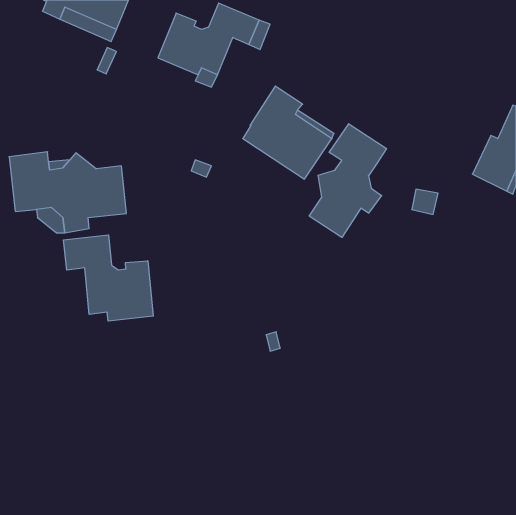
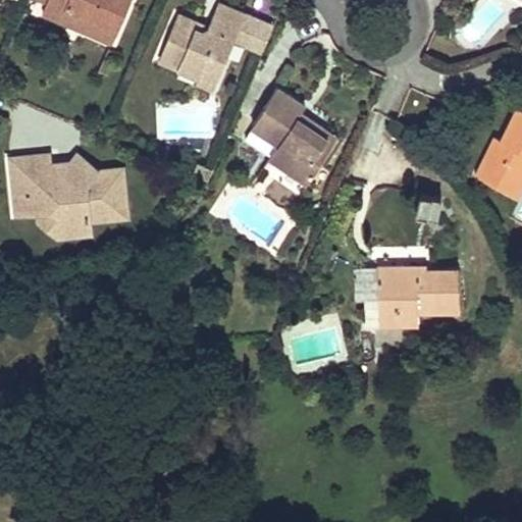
building: [309,124,386,237] -> none
building: [64,235,153,321] -> none
building: none -> [377,266,460,324]

